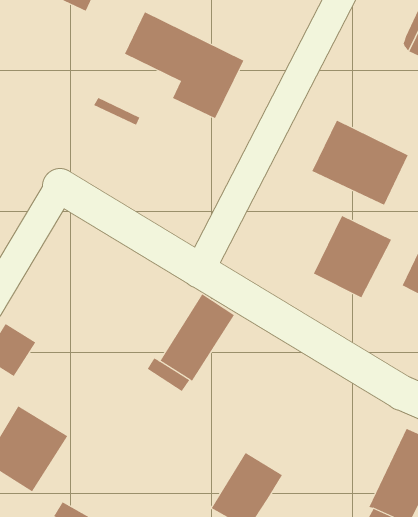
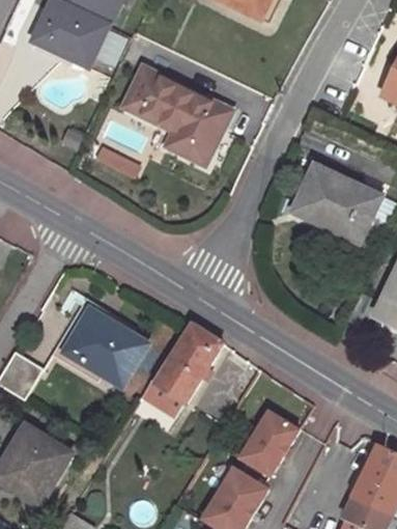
building: [313,215,392,298] -> none
building: none -> [64,303,146,385]
building: none -> [239,410,297,474]

